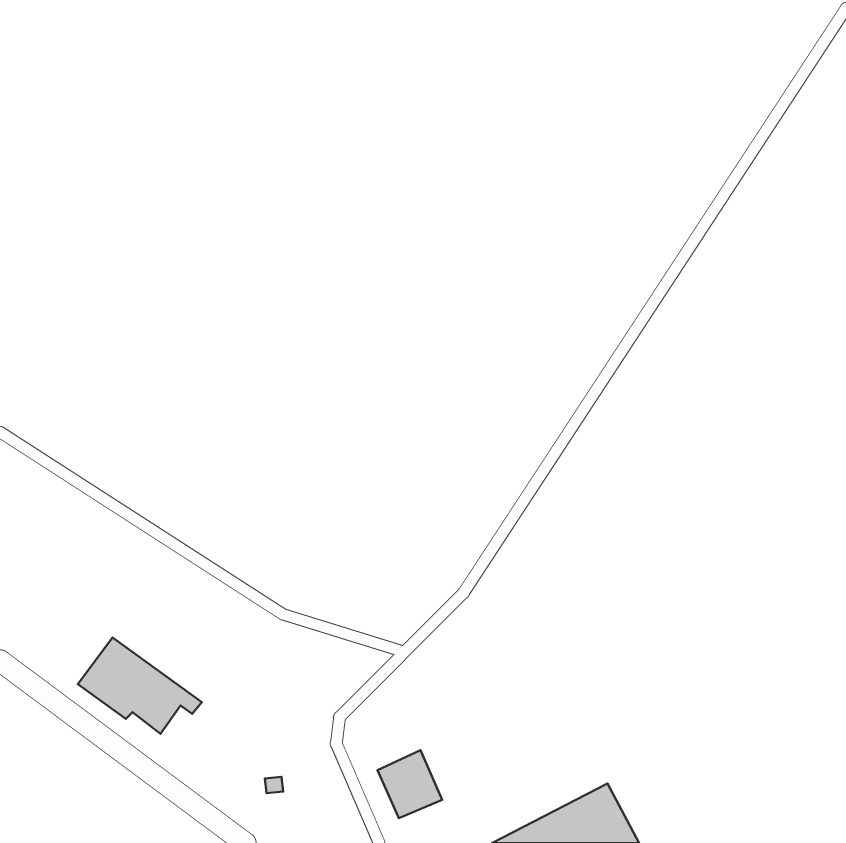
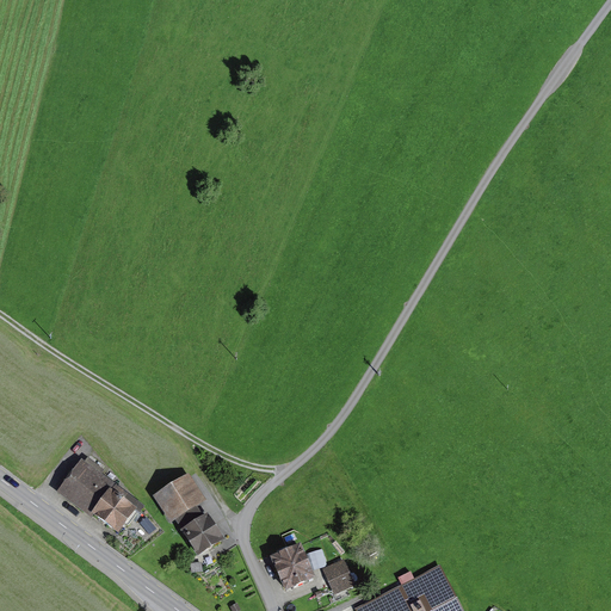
building: none -> [153,473,226,555]
building: none -> [323,558,356,593]

